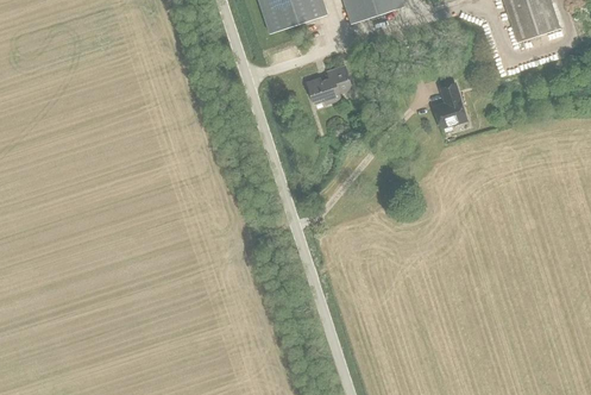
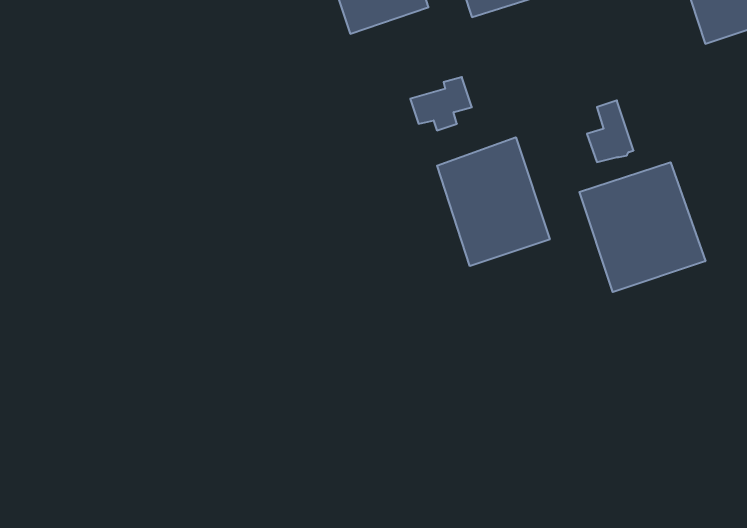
building: none -> [437,137,550,266]
building: none -> [579,162,705,292]

